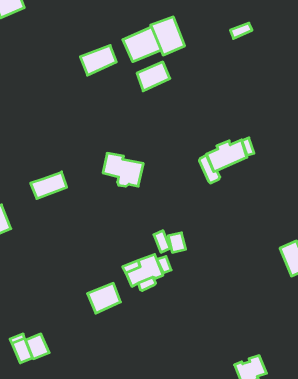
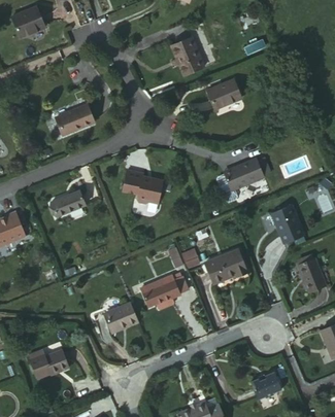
building: [123,27,161,62] -> none
building: [80,45,116,75] -> [58,103,94,133]
building: [137,62,170,91] -> [206,77,239,106]
building: none -> [266,203,303,243]
building: none -> [207,245,247,279]

